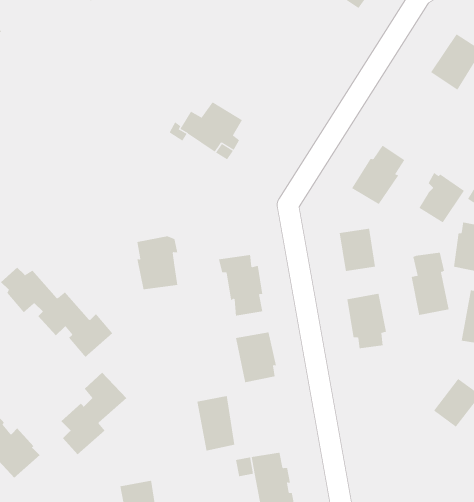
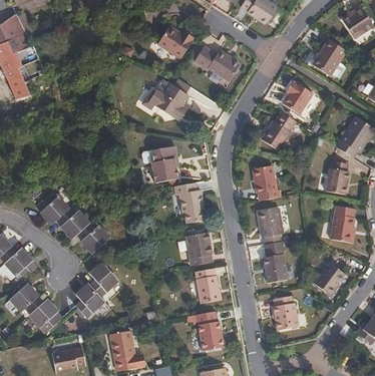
building: none -> [156,25,193,58]
building: none -> [190,43,239,81]
building: [418,172,465,223] -> [285,82,315,115]
building: [137,236,178,290] -> [151,146,178,181]
building: [411,251,449,316] -> [263,241,288,283]
building: [197,395,235,451] -> [195,268,220,304]
building: none -> [274,296,299,330]

